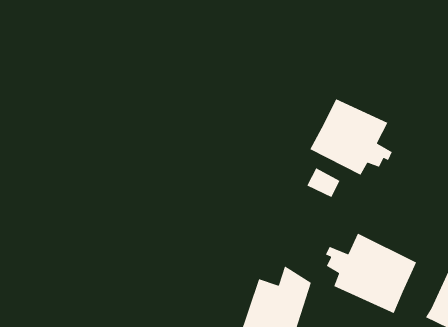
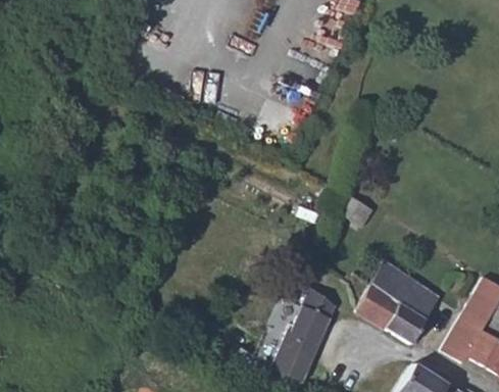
building: [309,98,393,176] -> none

